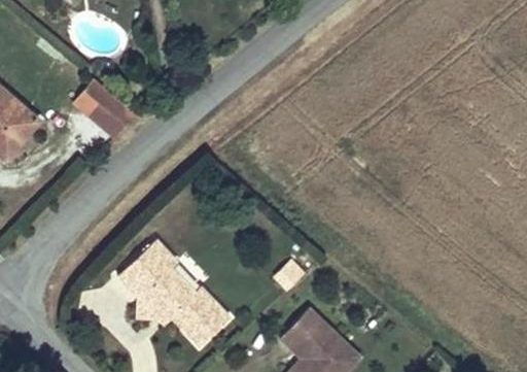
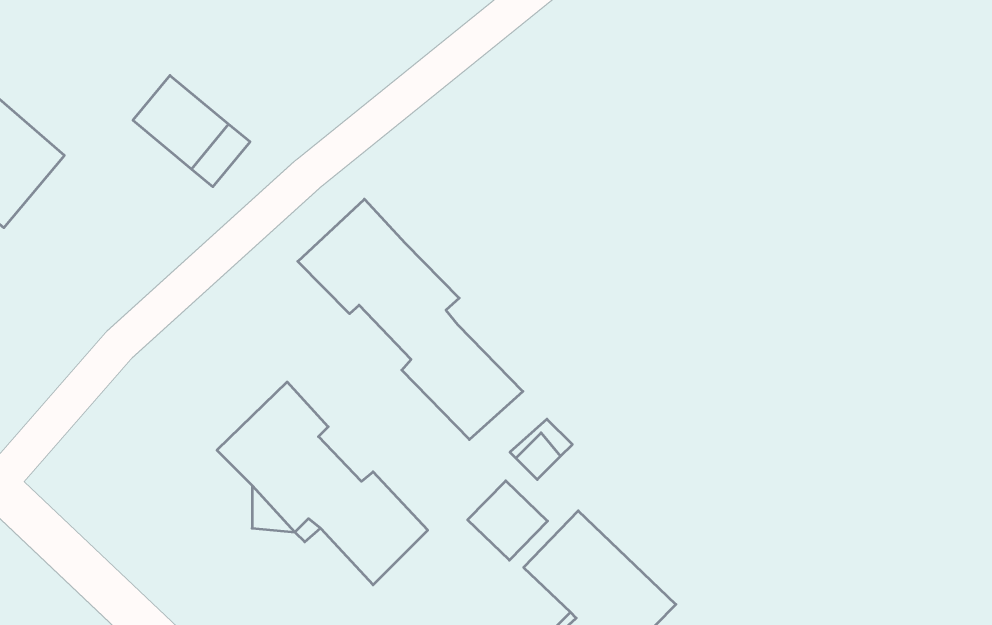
building: none -> [298,199,523,440]
building: none -> [468,481,548,560]

